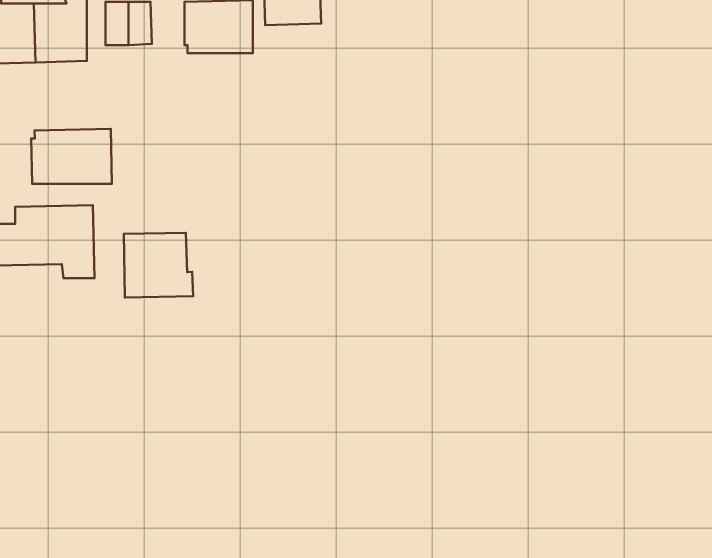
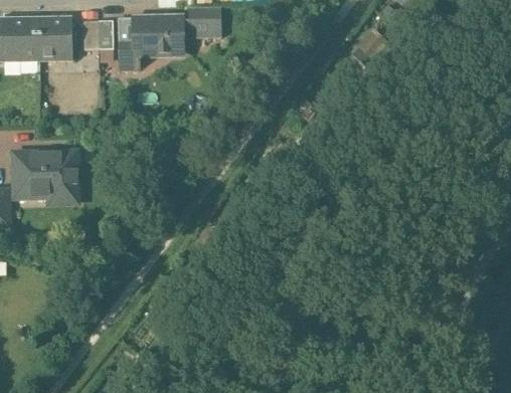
building: none -> [117,39,139,69]
building: [31,129,112,184] -> none
building: [124,233,193,297] -> none

